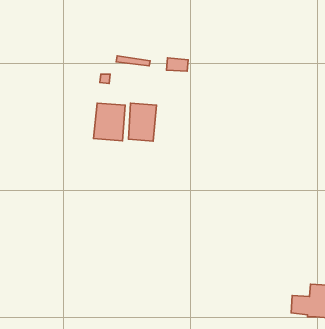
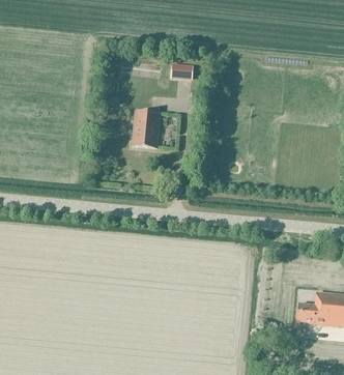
building: [94,103,125,141] -> none

